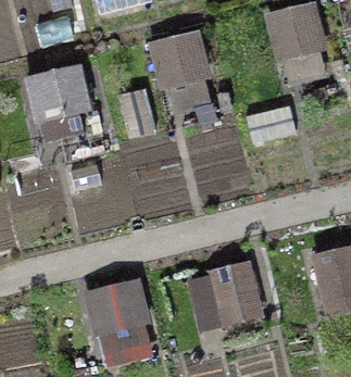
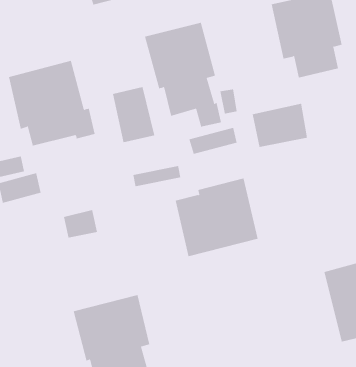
building: [187,259,263,330] -> [175,178,258,257]

